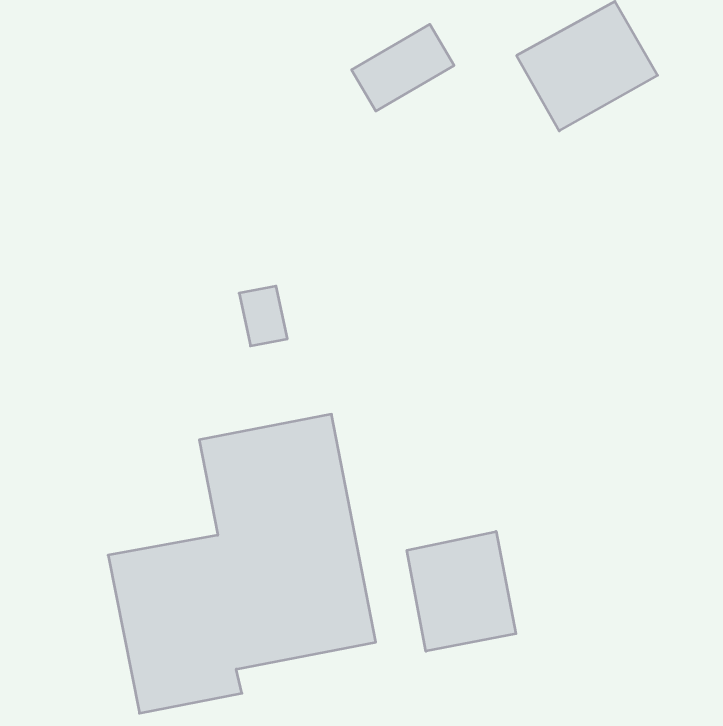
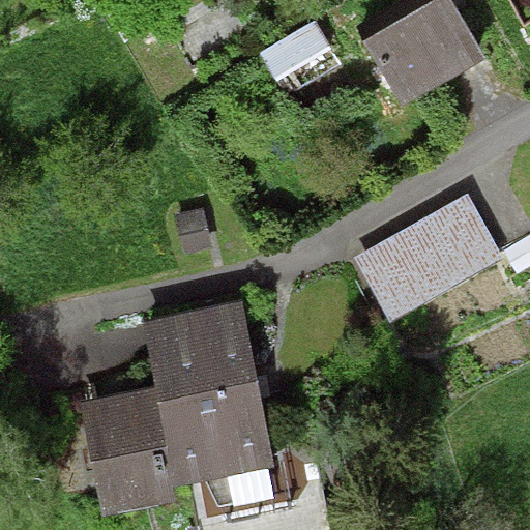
building: none -> [352,195,500,318]
building: [407,531,516,651] -> none

